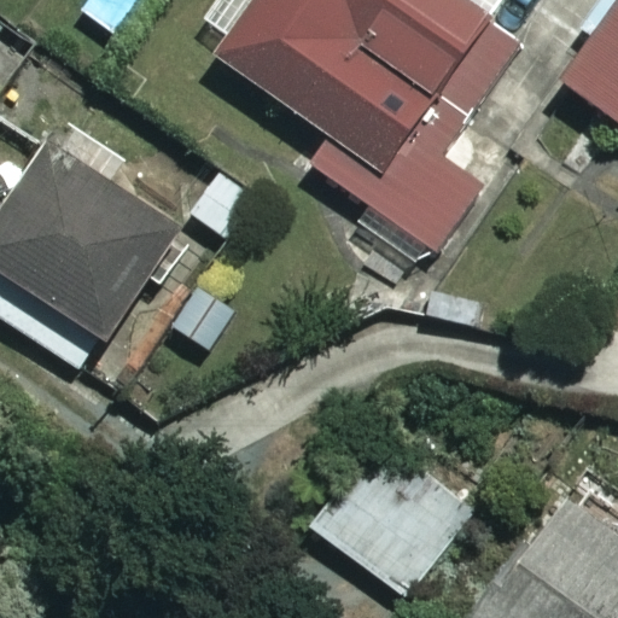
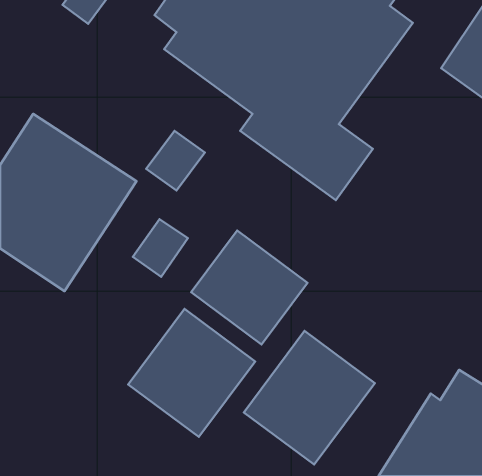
building: none -> [191,230,307,345]
building: none -> [128,309,255,437]

